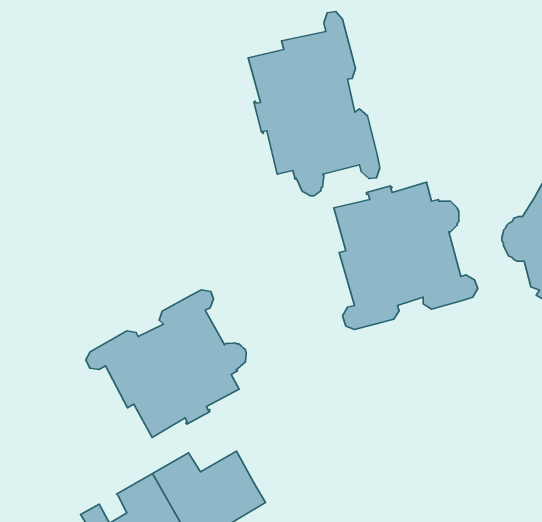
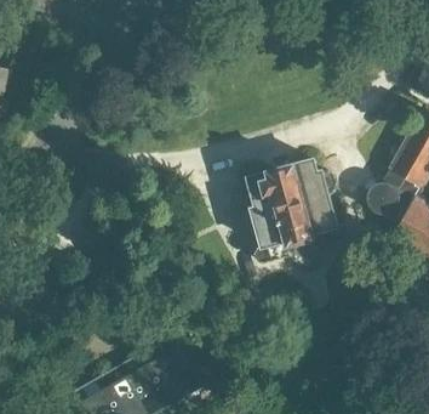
building: [248,11,380,196] -> none
building: [86,290,246,437] -> none

